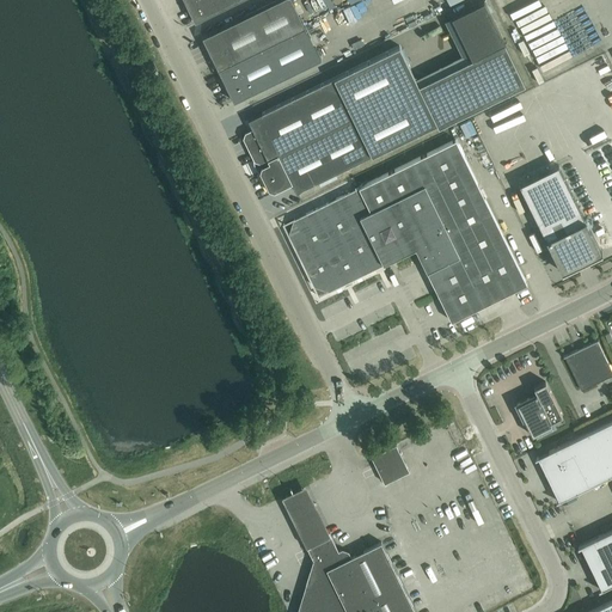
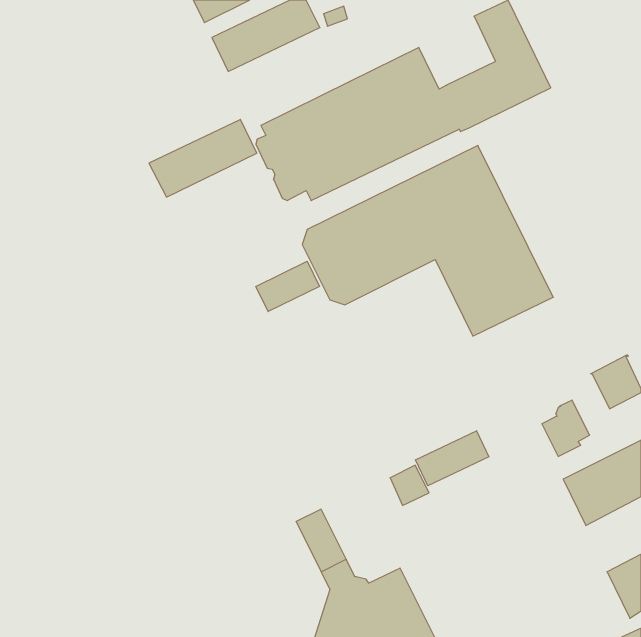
building: [218,30,320,104] -> [149,119,257,197]
building: [519,167,602,275] -> none
building: none -> [256,261,319,312]
building: none -> [416,431,489,486]

